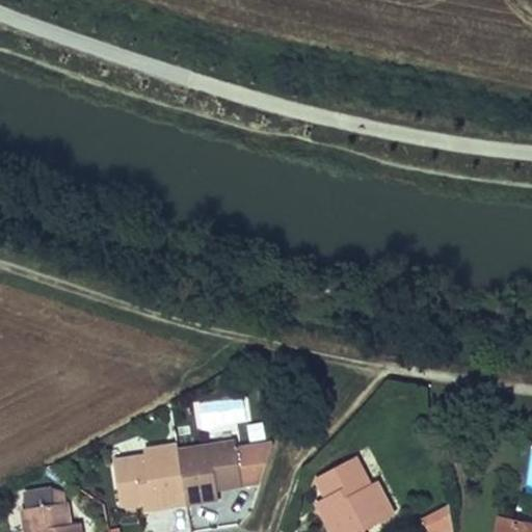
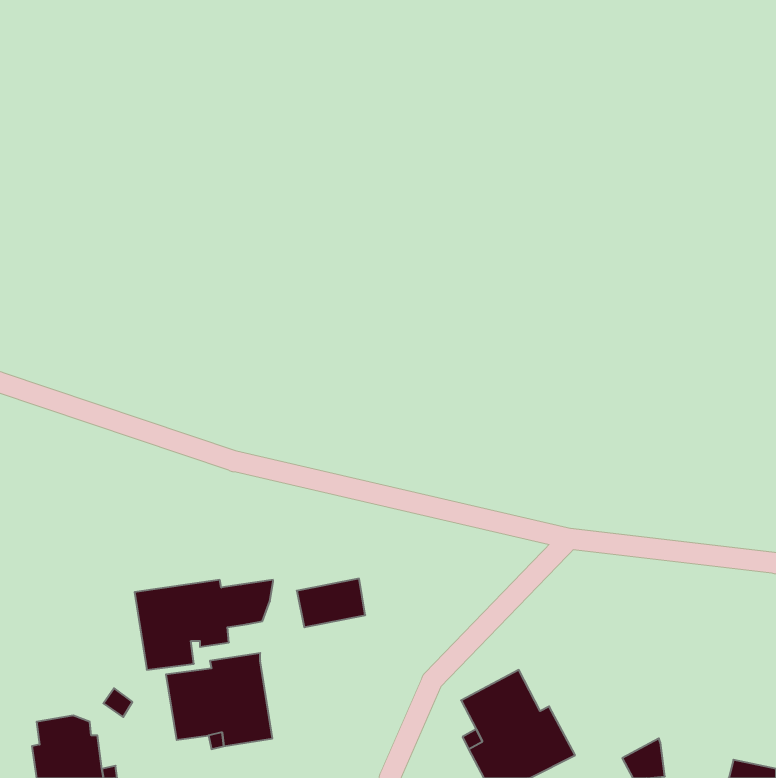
building: [178,443,272,504] -> [135,580,273,670]

